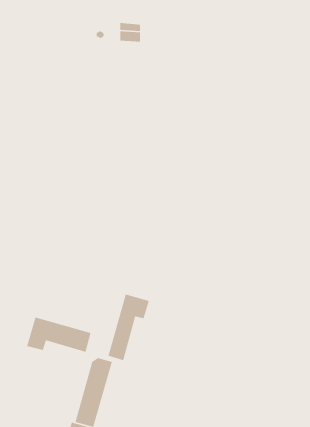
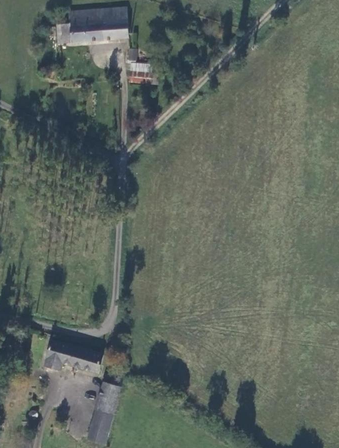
building: [107,294,150,361] -> none

